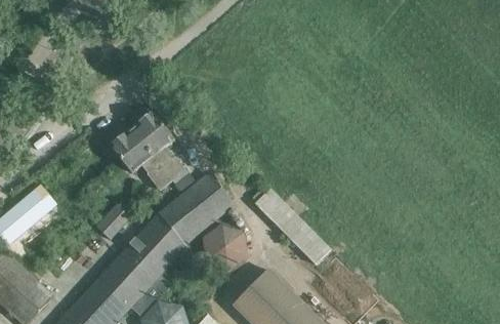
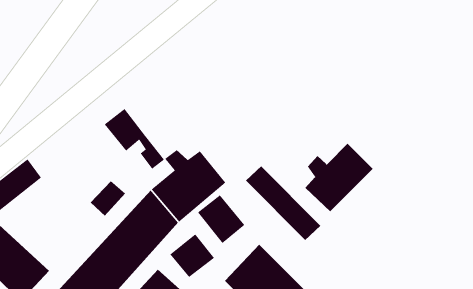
building: [131,111,184,179] -> none
building: none -> [305,143,373,212]
building: none -> [170,233,215,278]

